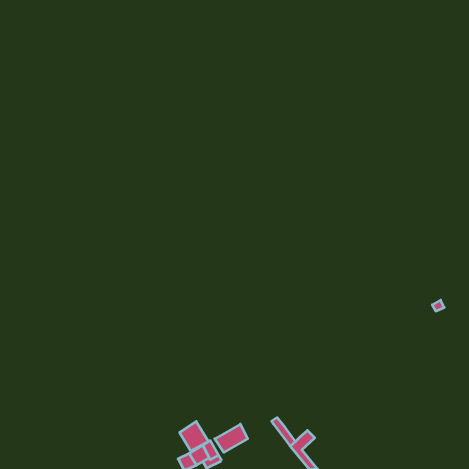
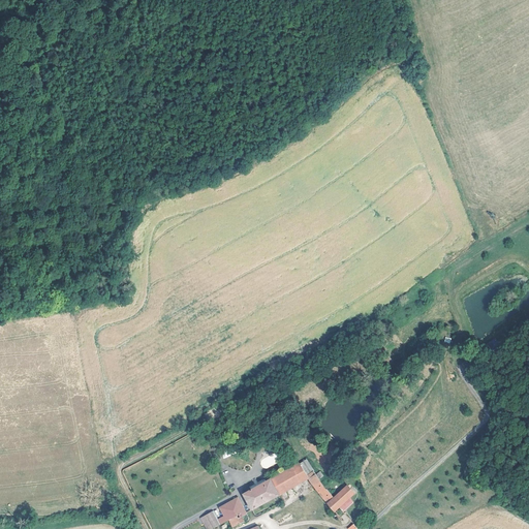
building: none -> [271,462,308,494]
building: [180,421,208,451] -> none

